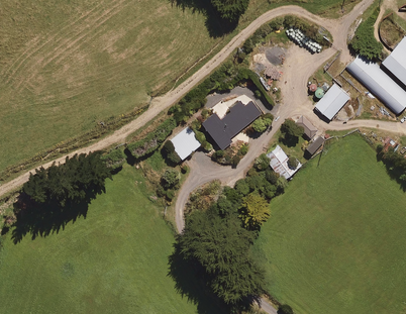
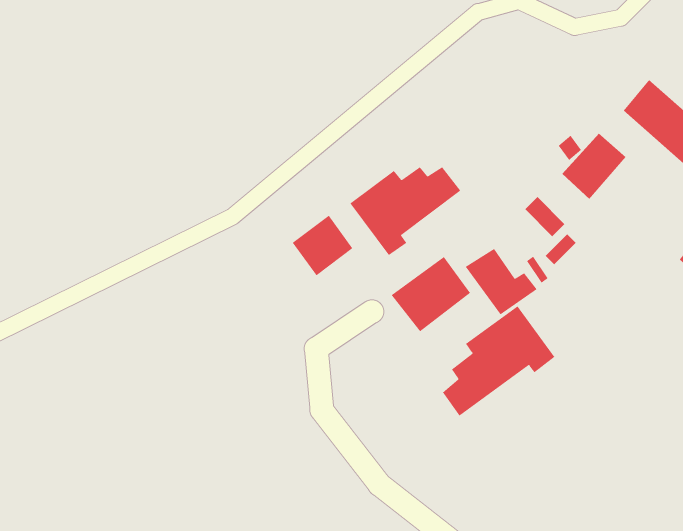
building: none -> [391,256,471,332]
building: none -> [442,305,555,417]

